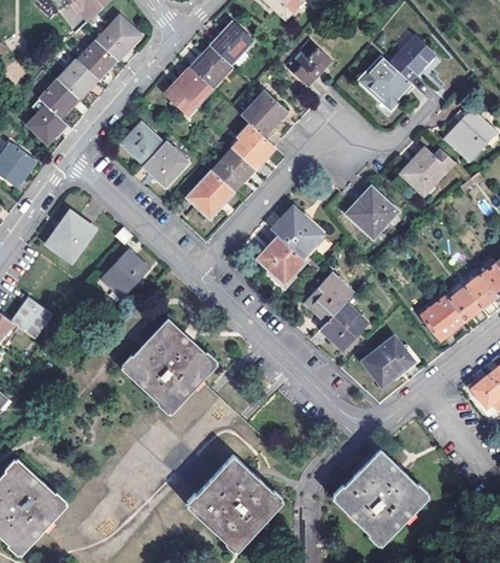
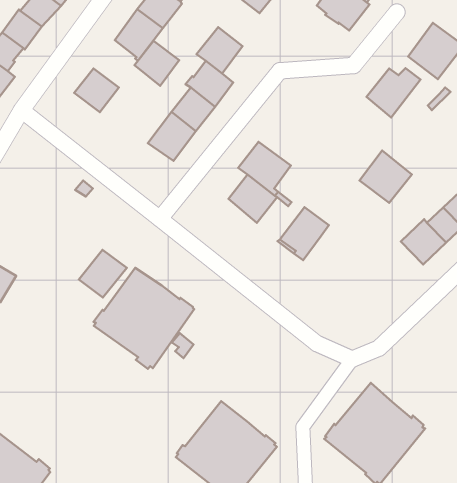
building: [145,143,188,187] -> [134,41,179,86]
building: [346,186,396,236] -> [360,151,412,203]
building: [48,212,95,262] -> none
building: [101,252,148,298] -> [79,250,127,298]
building: [322,303,367,350] -> none
building: [363,336,413,386] -> none

